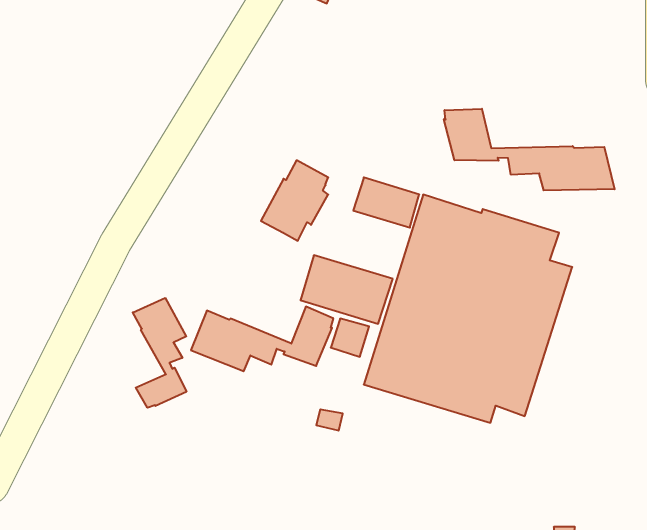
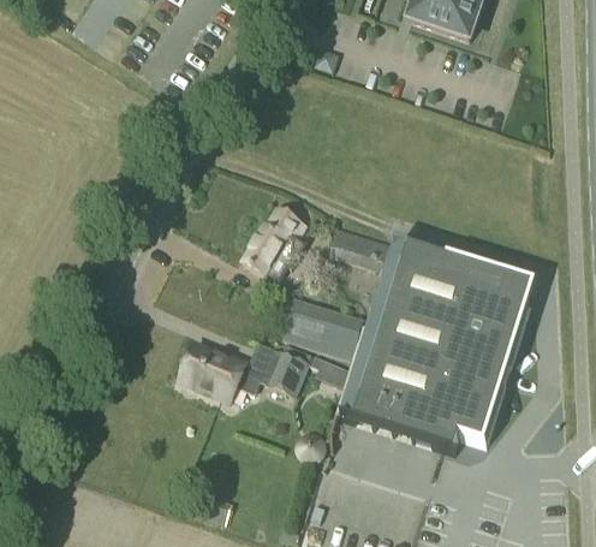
building: [444,109,615,190] -> none
building: [133,298,186,408] -> none

